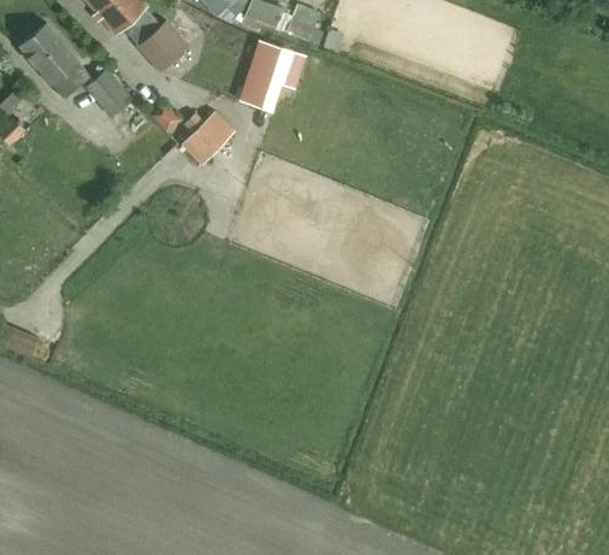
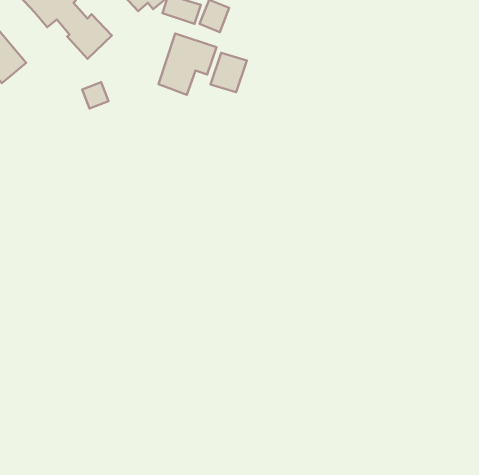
building: none -> [210,53,247,92]
building: [82,67,131,117] -> none
building: [183,110,235,161] -> none

